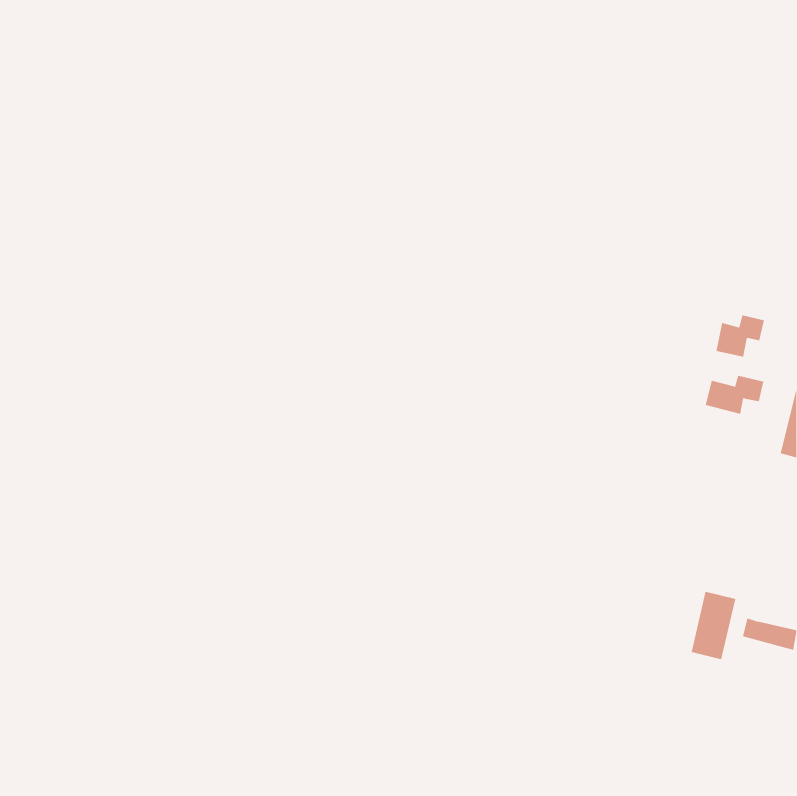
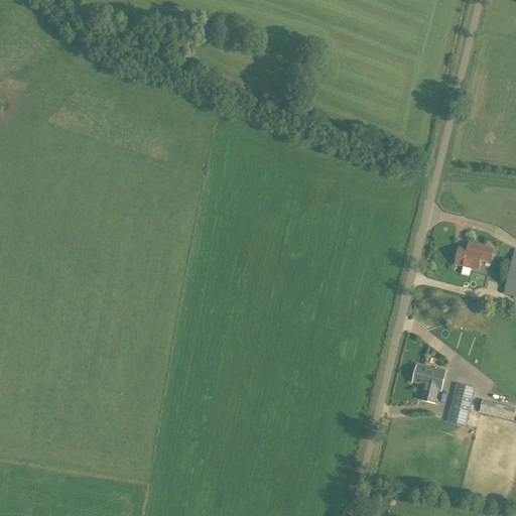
building: [716,314,765,358] -> none
building: none -> [412,364,445,402]

